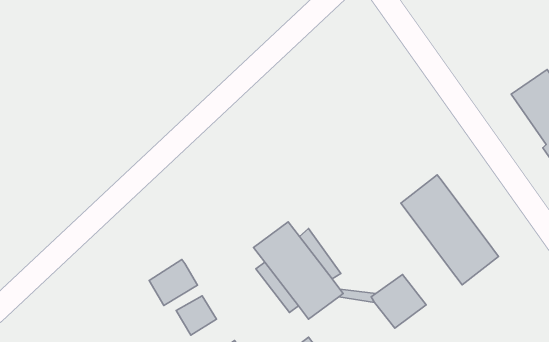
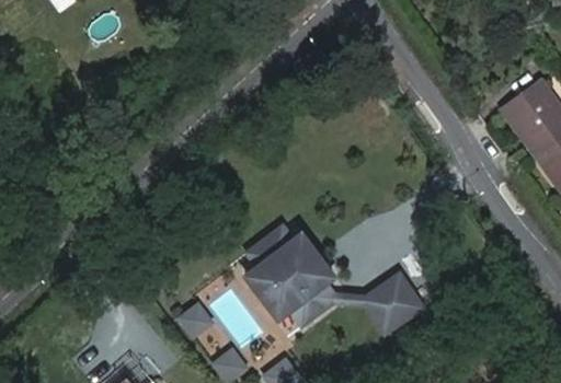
building: [401,175,499,285] -> none
building: [149,260,197,306] -> none

